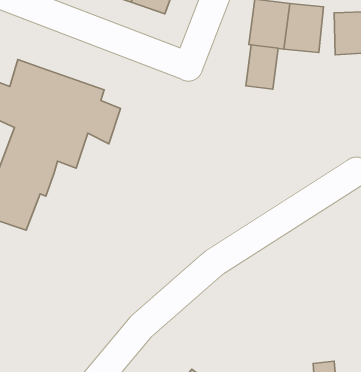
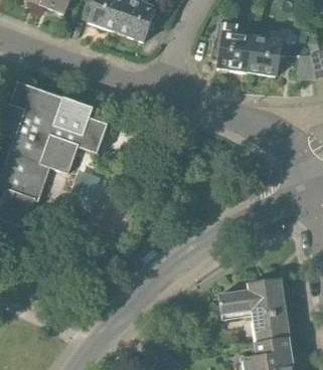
building: [246,45,278,89] -> none
building: none -> [217,278,290,343]

